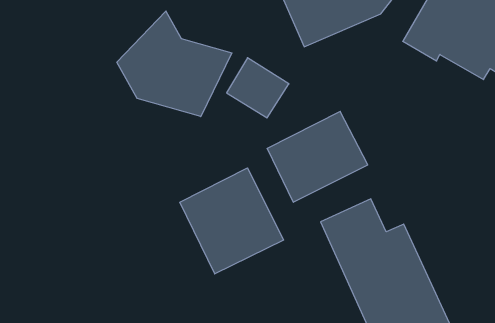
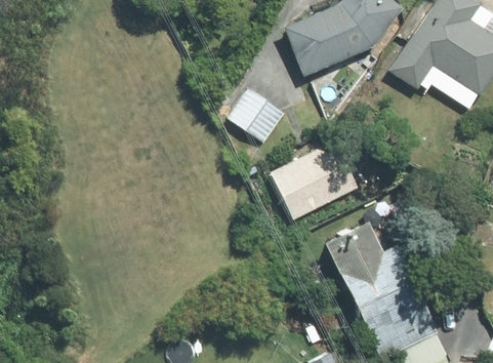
building: [117,11,232,117] -> none
building: [180,168,284,274] -> none

